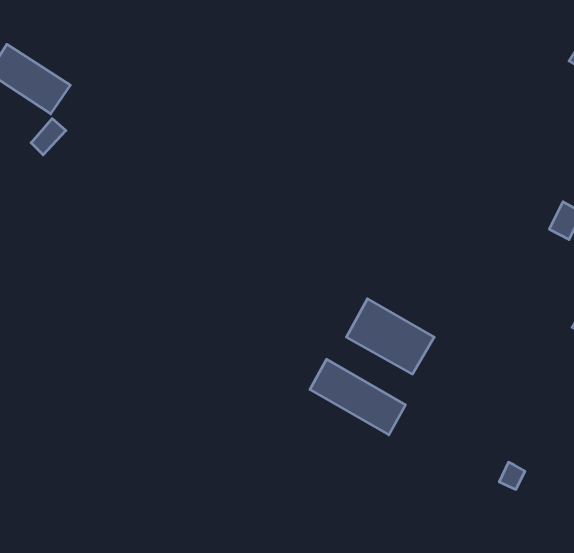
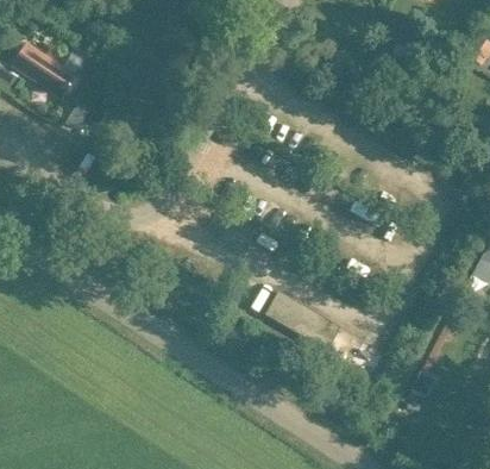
building: [346,299,434,374] -> none

